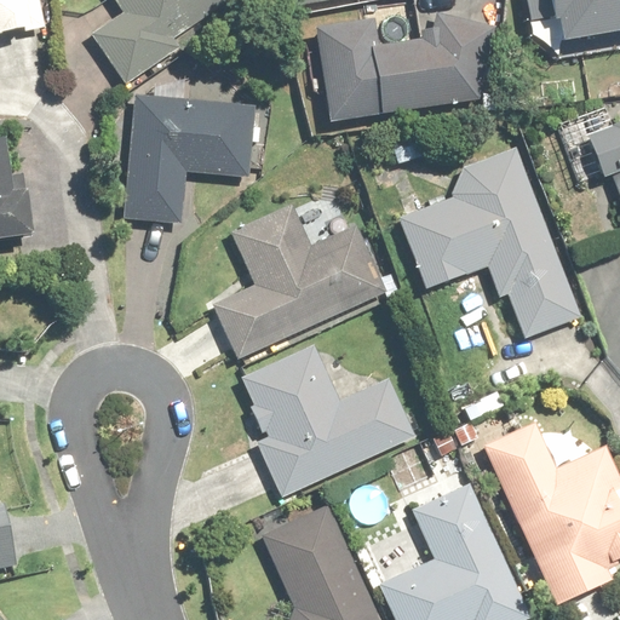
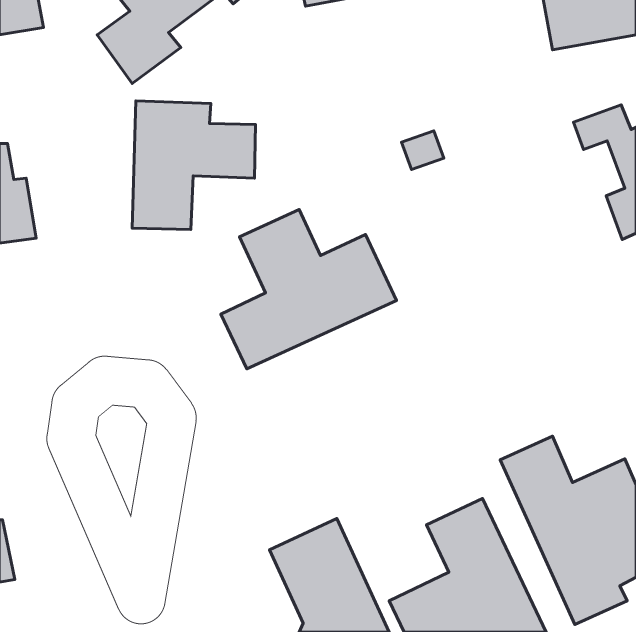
building: [314,15,486,126] -> none
building: [398,147,586,339] -> none
building: [242,344,417,494] -> none

